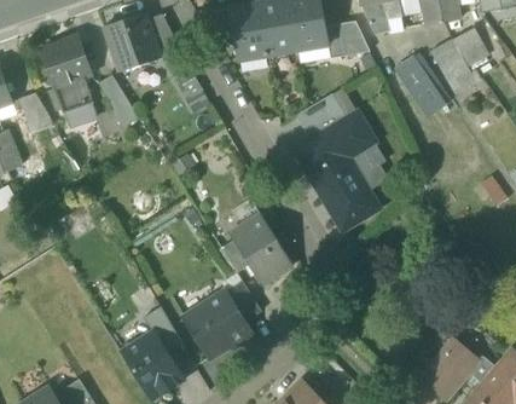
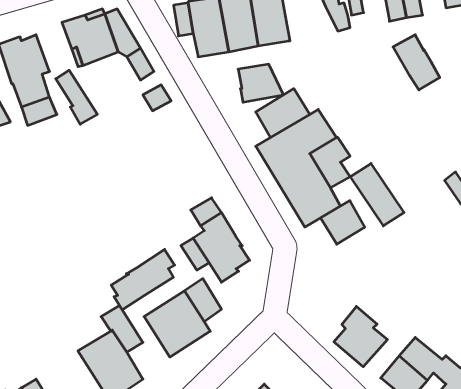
building: [325,21,370,58] -> [238,64,283,102]
building: [453,27,488,65] -> none
building: [394,56,447,117] -> [350,163,404,226]
building: none -> [321,201,365,244]
building: none -> [111,249,175,310]
building: none -> [334,306,387,367]

